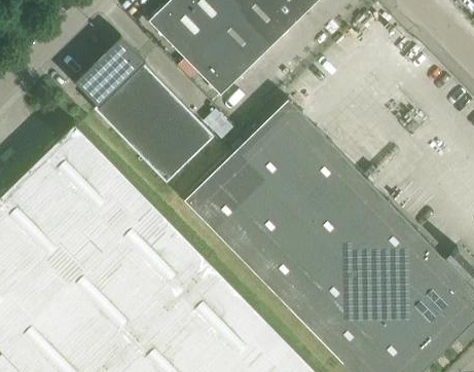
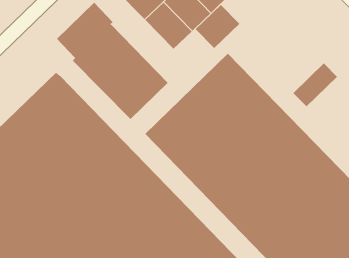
building: none -> [195,4,240,49]
building: none -> [292,63,338,107]

